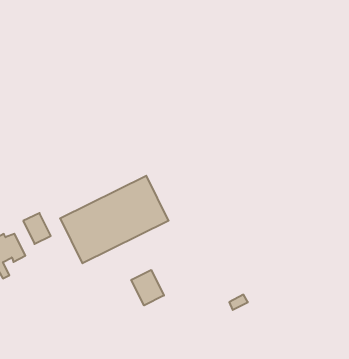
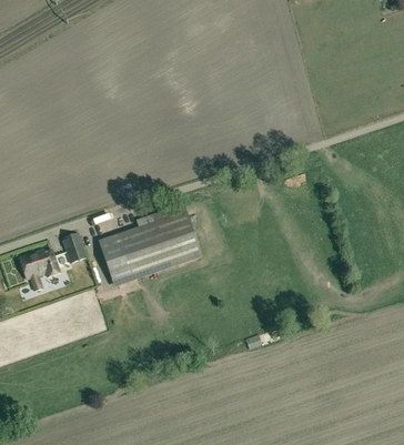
building: [131,270,164,305] -> none

